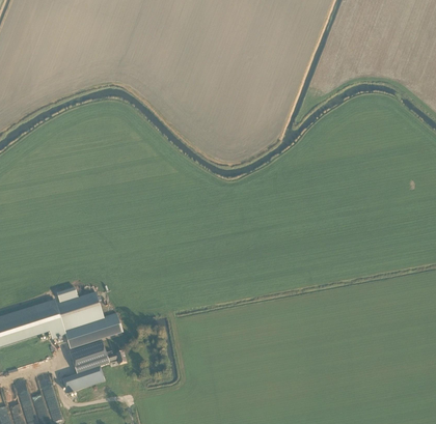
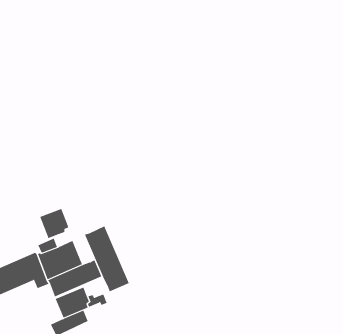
building: none -> [39,208,69,239]
building: none -> [84,225,130,292]

